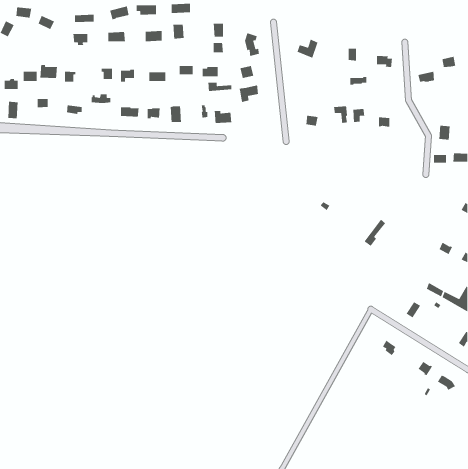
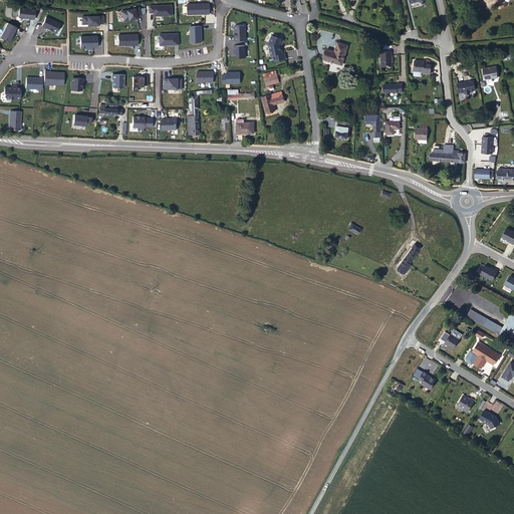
building: none -> [428,141,465,162]
building: none -> [471,341,498,367]

